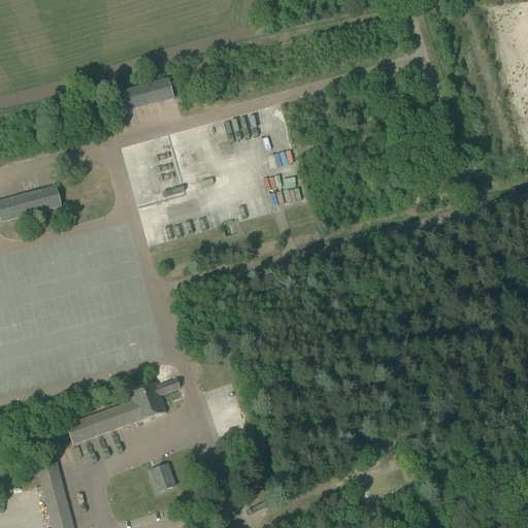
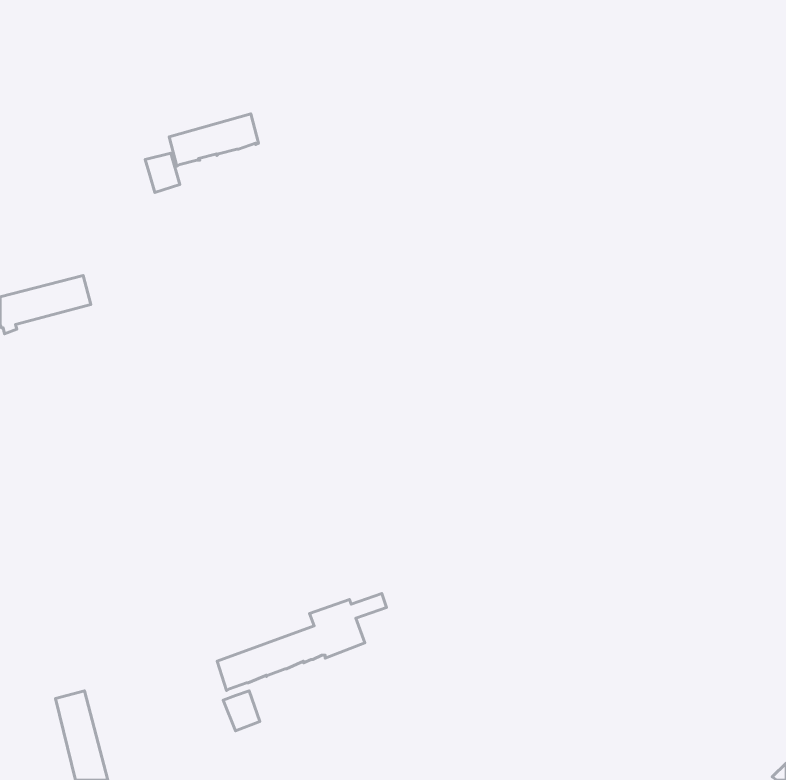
building: none -> [145,153,180,193]
building: [66,377,179,442] -> [217,594,387,690]

